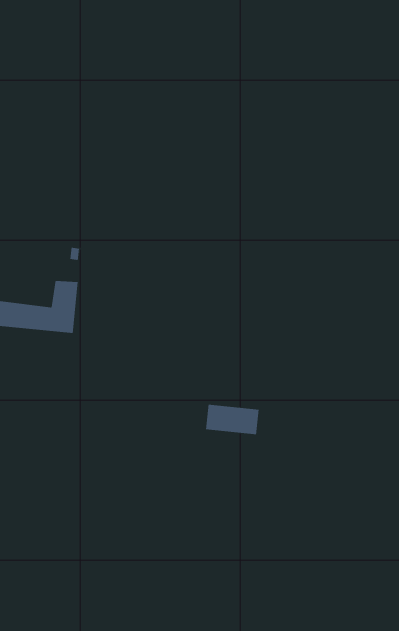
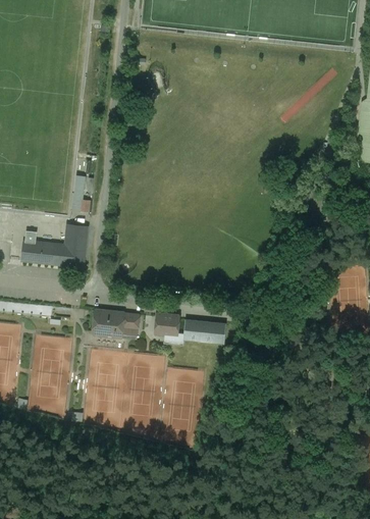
building: none -> [93,308,140,335]
building: none -> [155,312,179,334]

